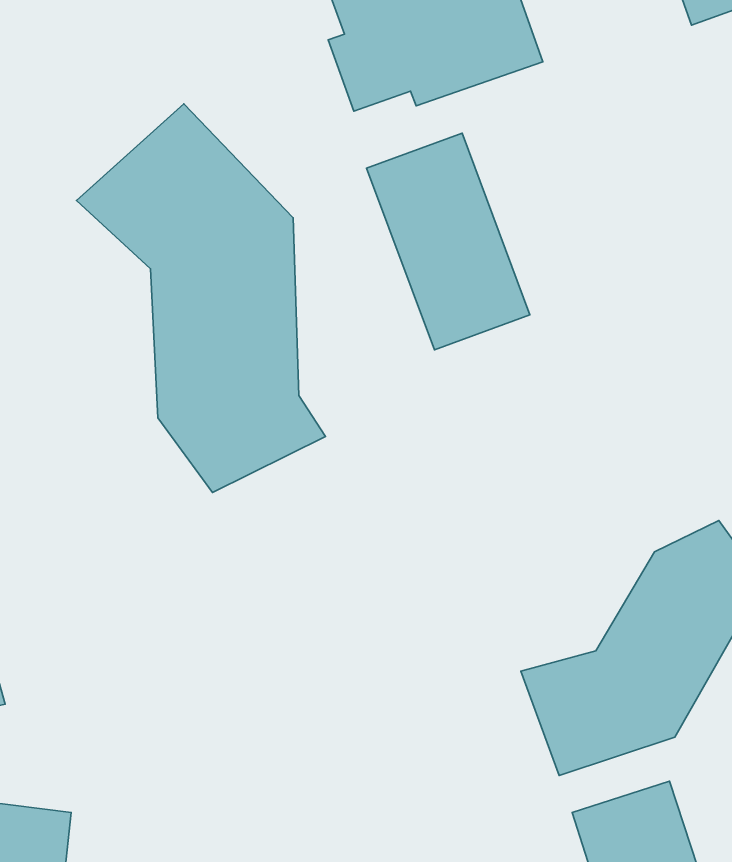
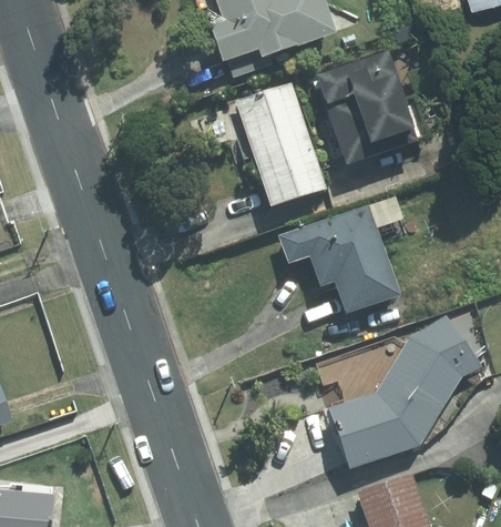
building: none -> [316,53,418,174]
building: [77,104,325,492] -> none
building: none -> [278,201,405,315]

